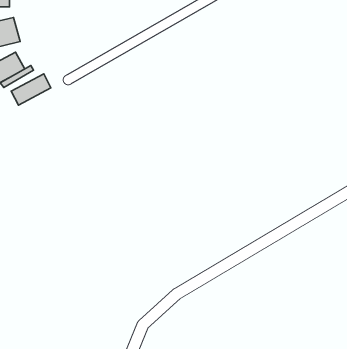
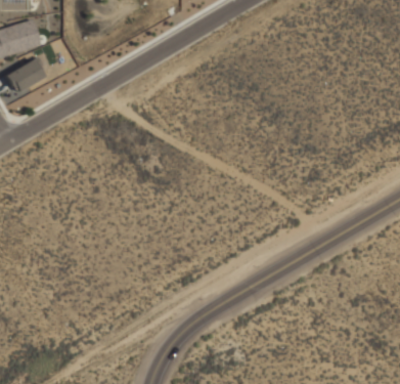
building: [11,74,51,105] -> none

